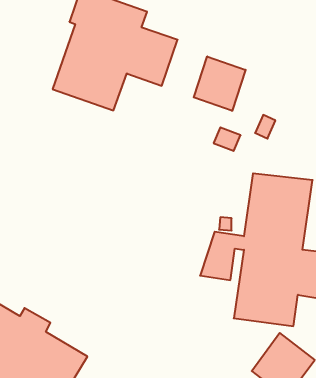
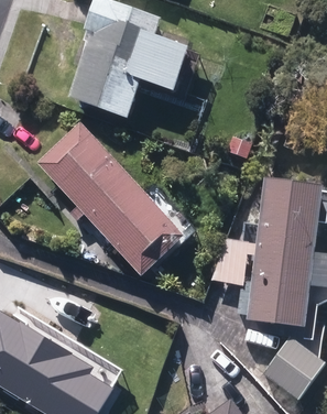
building: [194,56,246,111] -> none
building: none -> [37,124,185,276]

